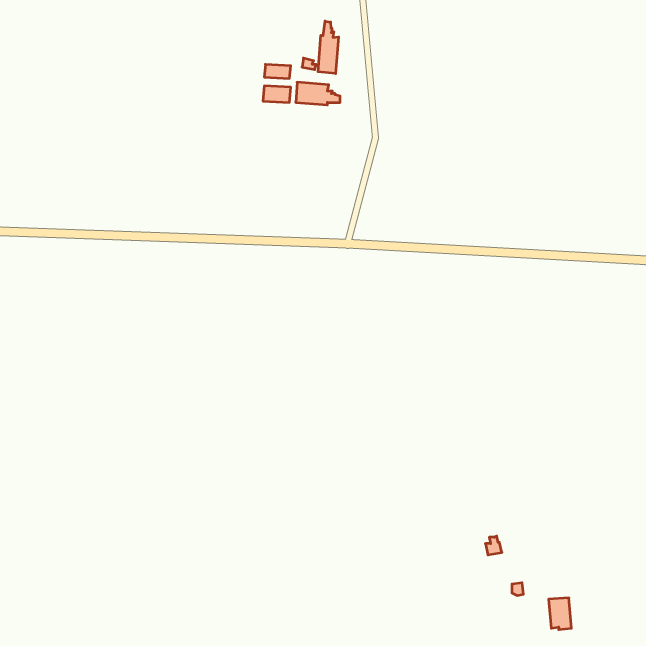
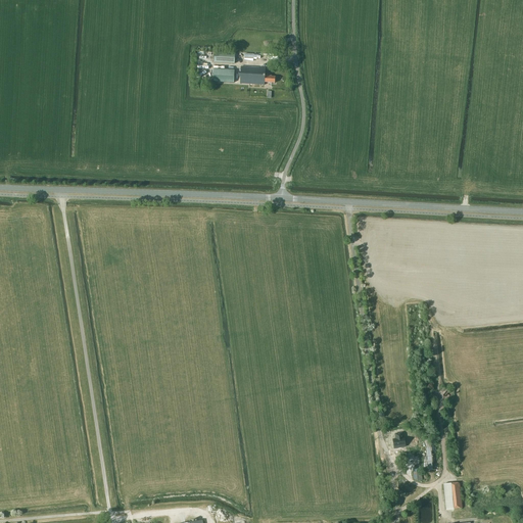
building: [318,21,339,74] -> none

